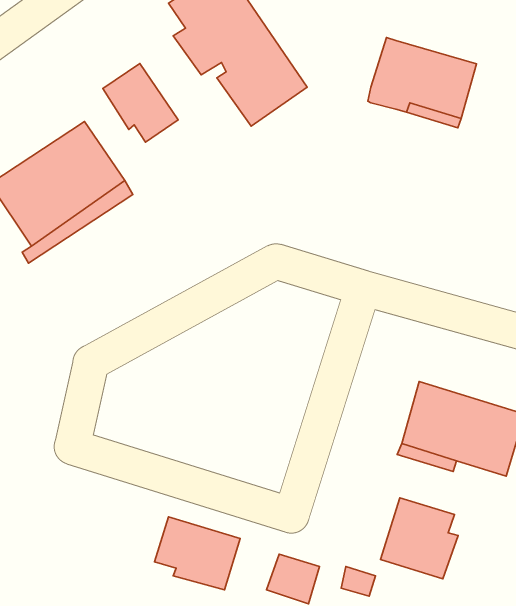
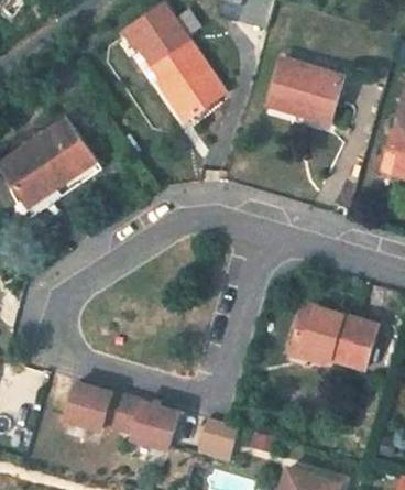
building: [103,63,178,142] -> none
building: none -> [64,382,127,429]
building: [381,498,458,579] -> none

